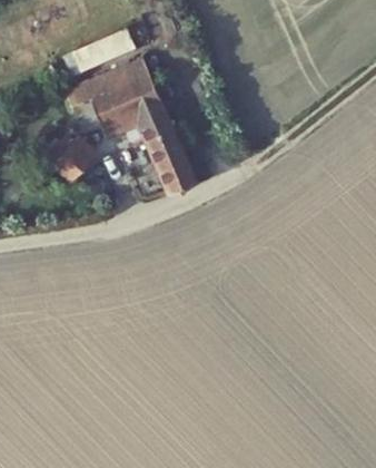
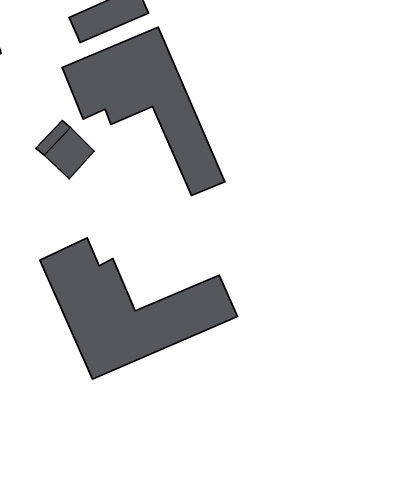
building: none -> [40,238,238,379]

